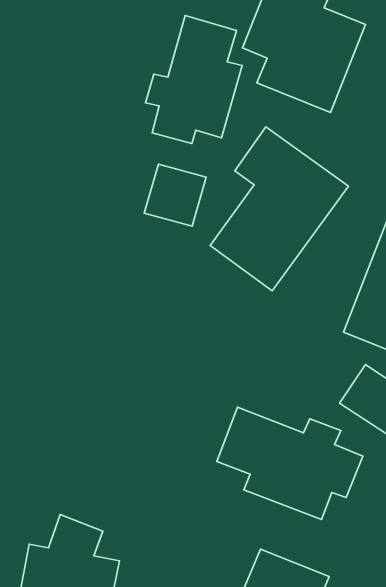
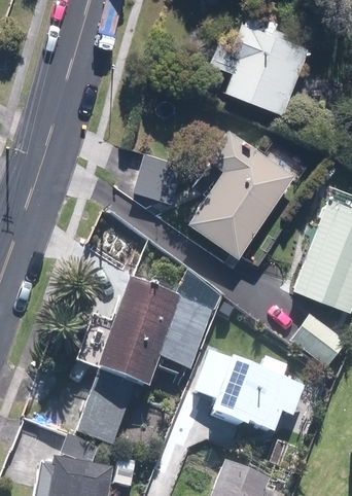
building: [145,16,242,143] -> none
building: none -> [74,277,211,388]
building: none -> [76,380,133,445]

